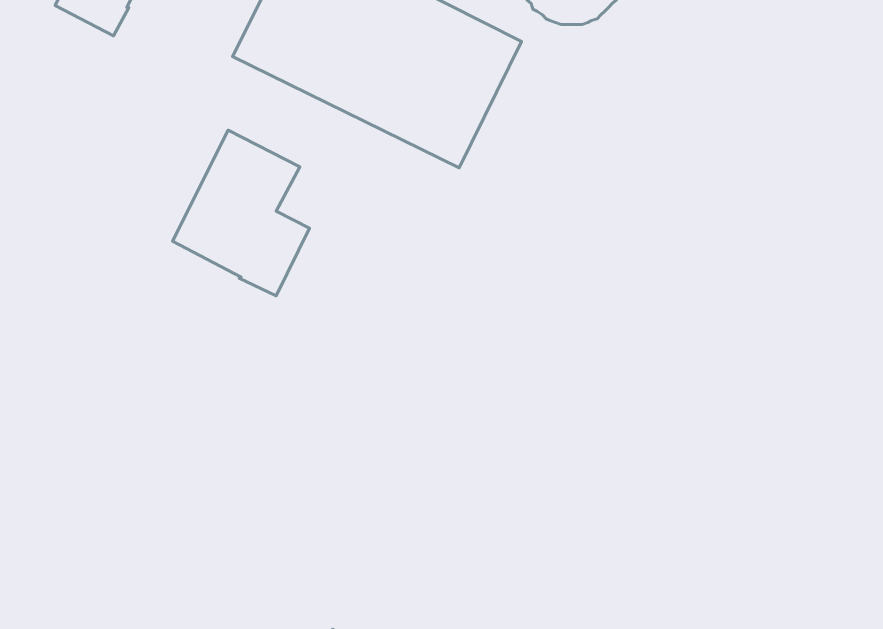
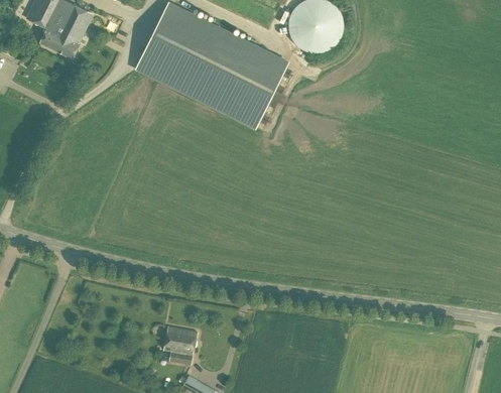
building: [173,130,310,296] -> none
building: none -> [162,326,196,365]

